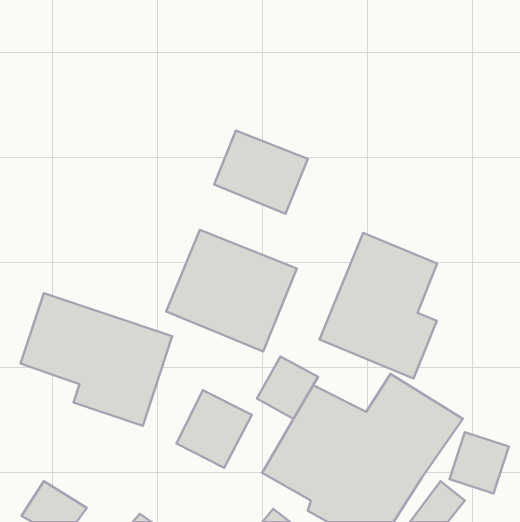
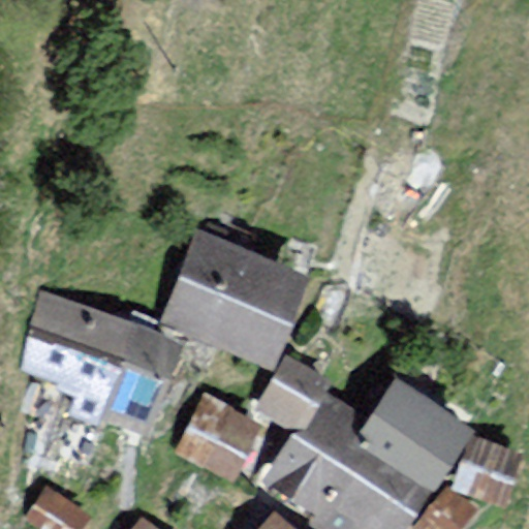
building: [214,130,308,214] -> none
building: [319,233,437,379] -> none

